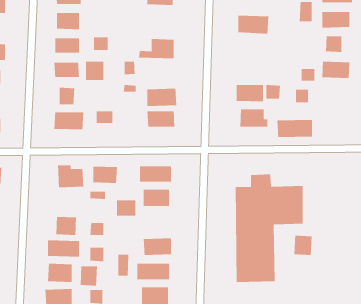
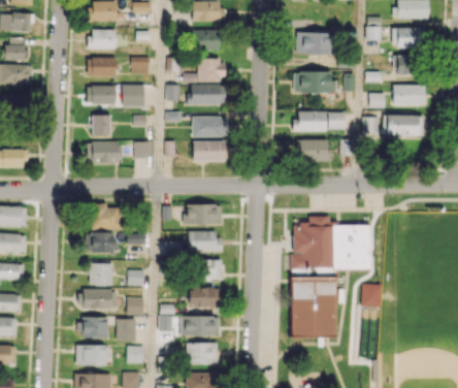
building: none -> [192,29,221,51]
building: none -> [294,71,335,93]
building: none -> [189,85,226,105]
building: [277,119,313,138] -> [382,115,423,136]
building: [93,166,118,184] -> [85,232,113,253]
building: [116,199,136,217] -> [198,260,221,280]

